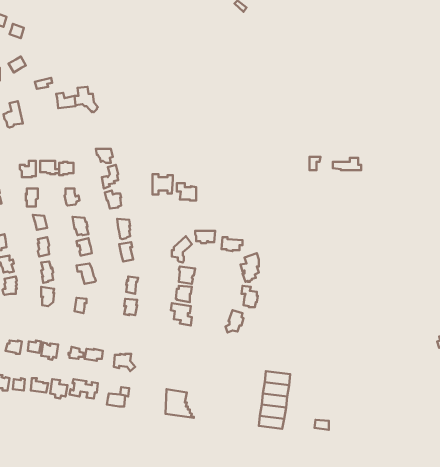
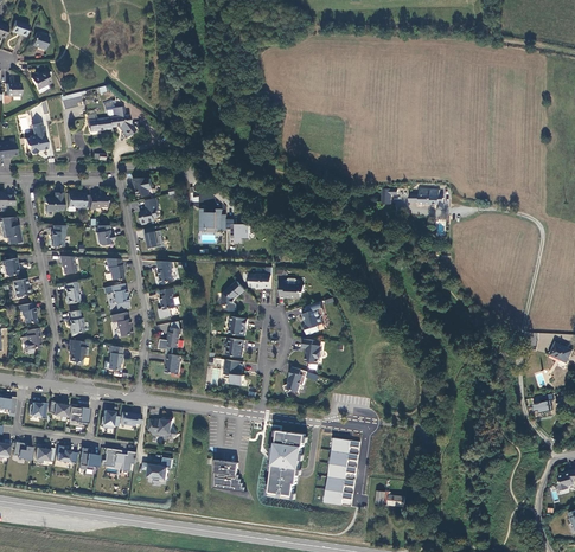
building: none -> [266,430,305,500]

